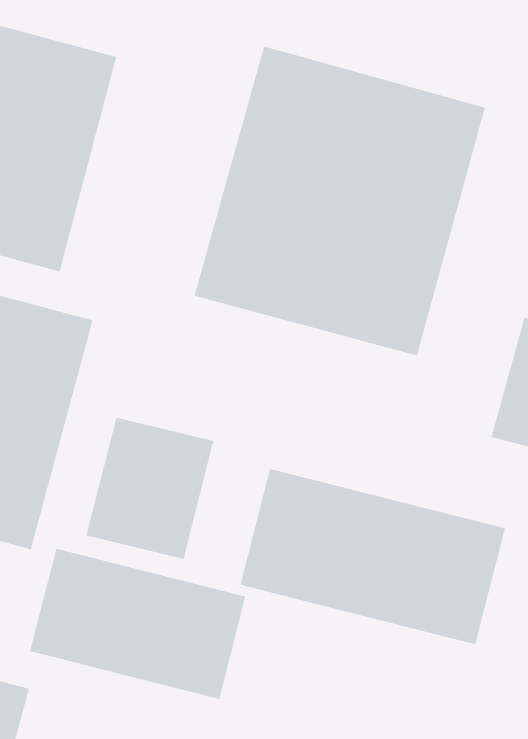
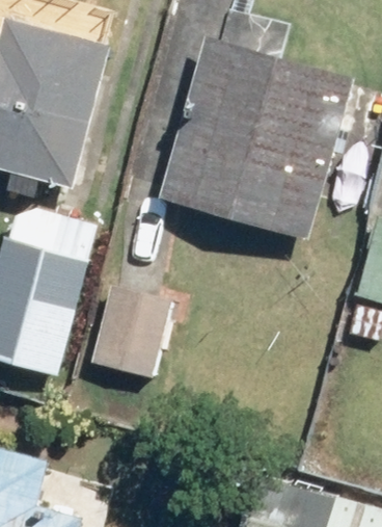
building: [240,468,506,645] -> none
building: [29,548,246,700] -> none

